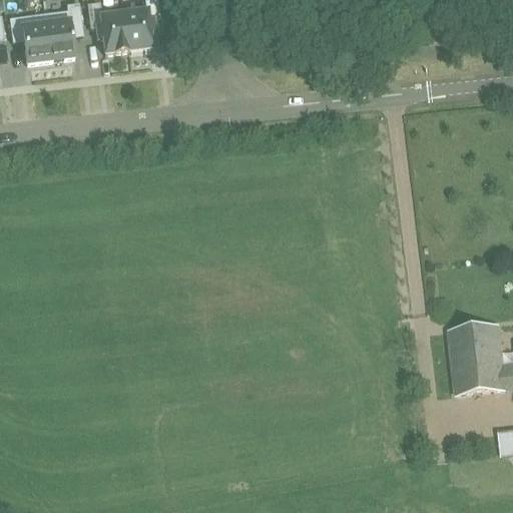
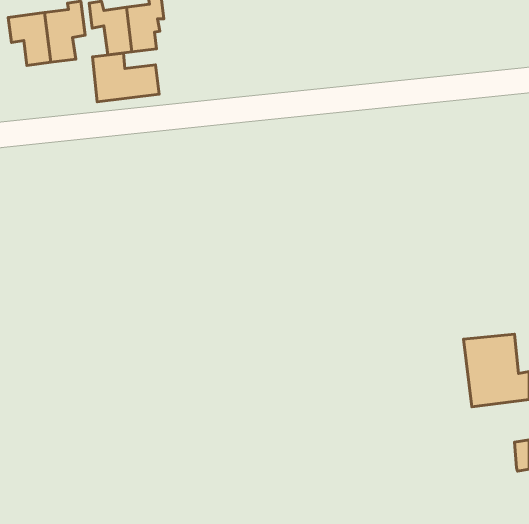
building: none -> [92,53,159,102]

